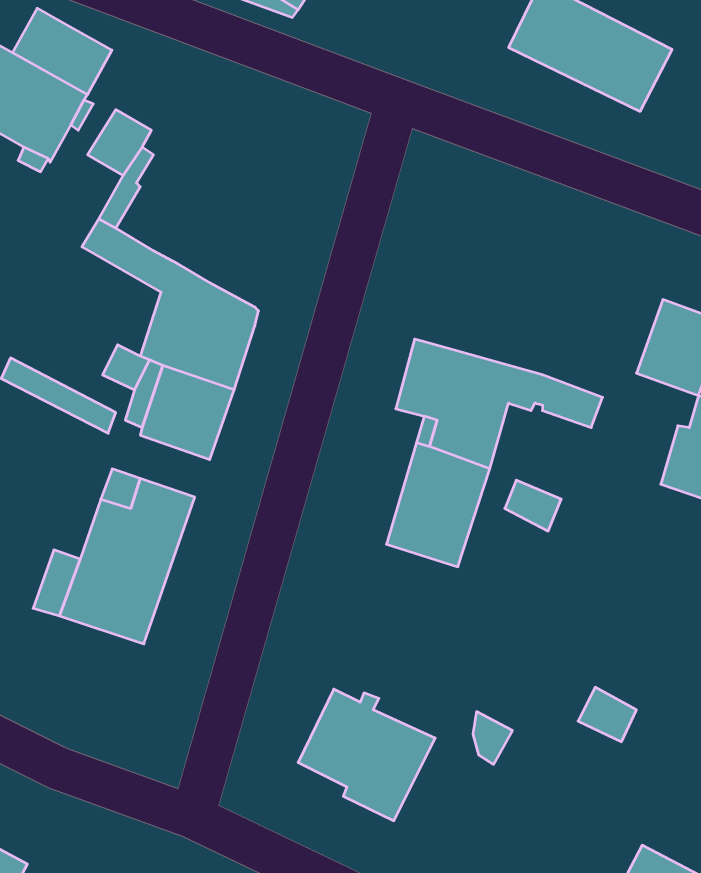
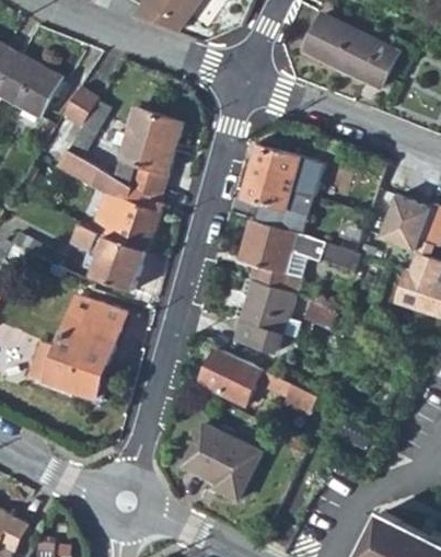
building: [12,8,112,94] -> none
building: none -> [113,106,182,200]
building: none -> [244,144,328,240]
building: none -> [200,348,314,415]

